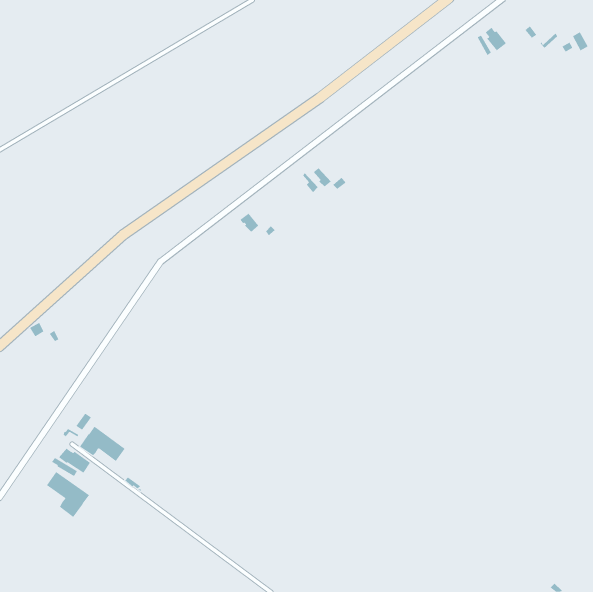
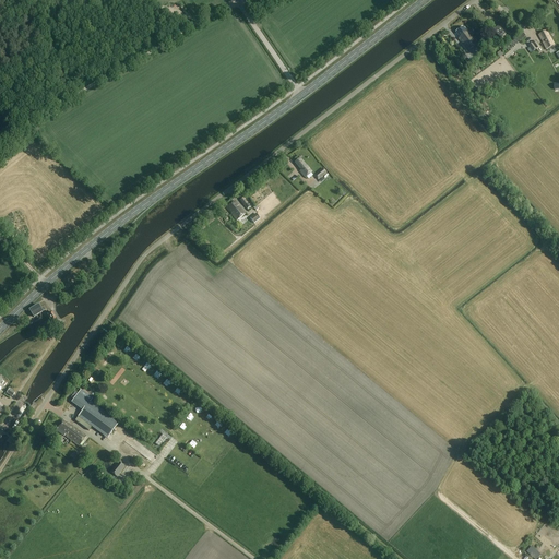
building: [46,471,90,518] -> none

